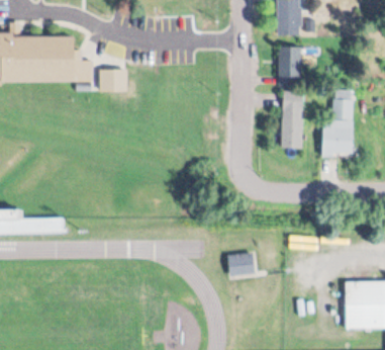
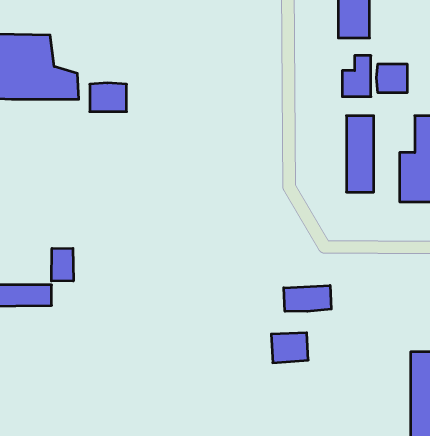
building: none -> [376,64,407,93]
building: none -> [51,248,73,281]
building: none -> [284,285,331,311]

